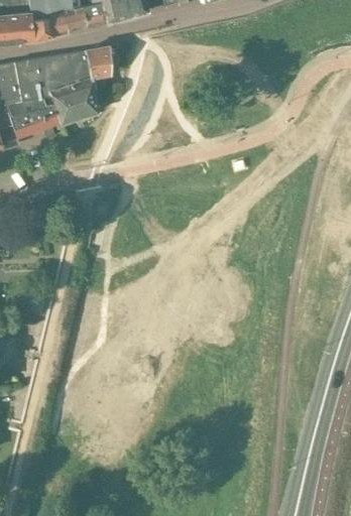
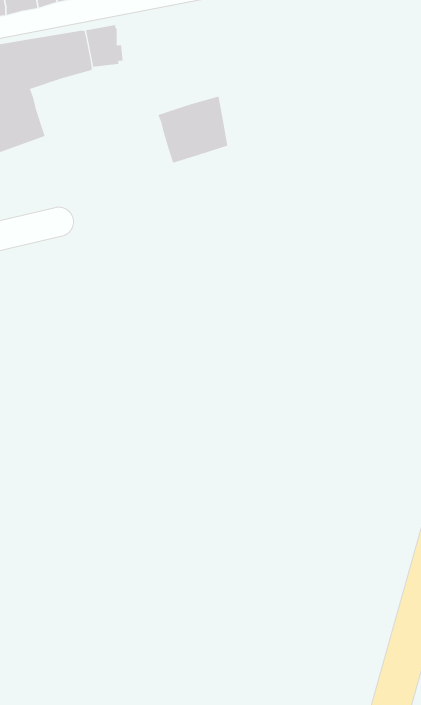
building: [51,78,100,124] -> [158,96,228,164]

